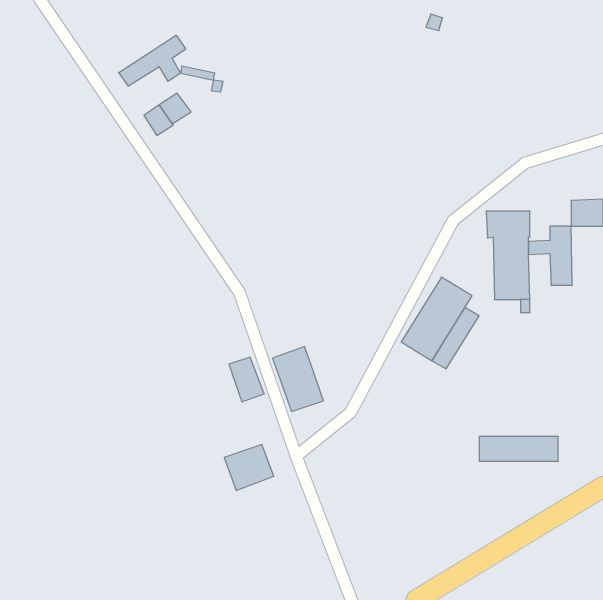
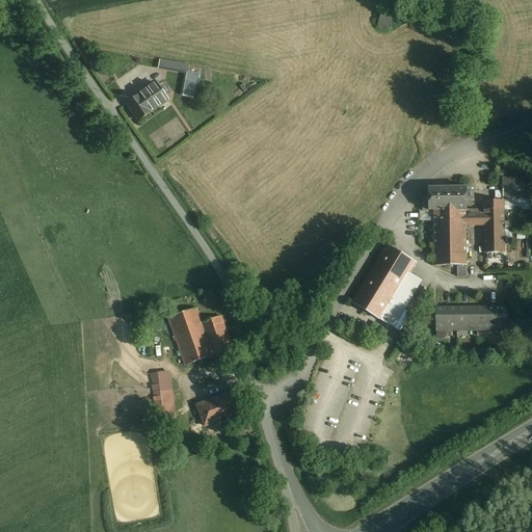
building: [119,35,186,86] -> none
building: [273,347,323,411] -> [168,307,213,364]
building: none -> [151,371,175,420]
building: [479,436,558,461] -> [436,307,506,328]

